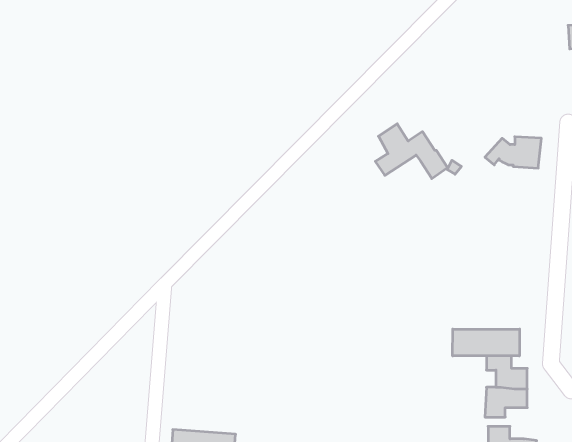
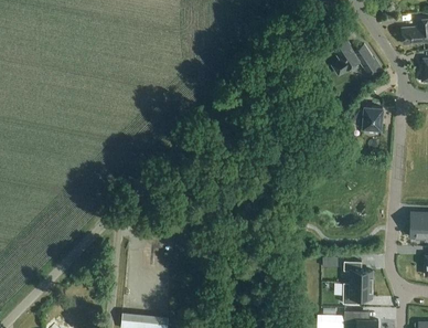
building: [375,124,447,179] -> [331,39,382,77]
building: [453,329,520,356] -> none

